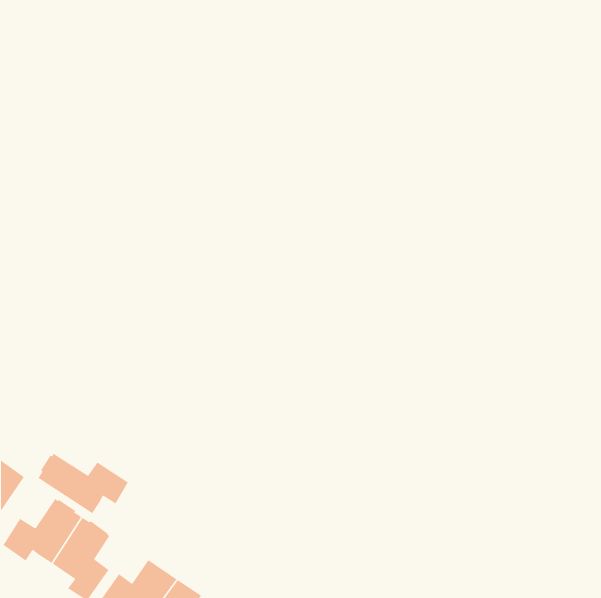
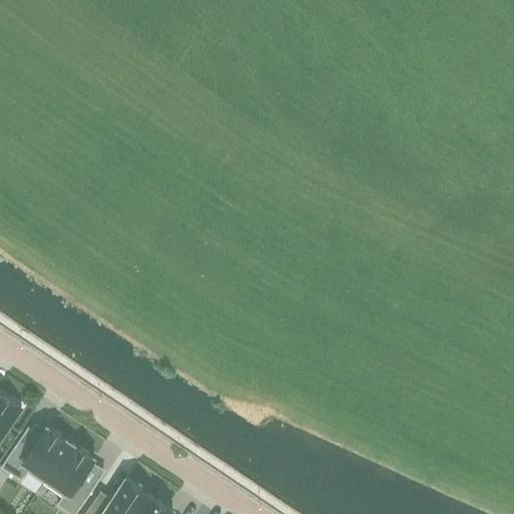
building: [37,452,129,514] -> none

